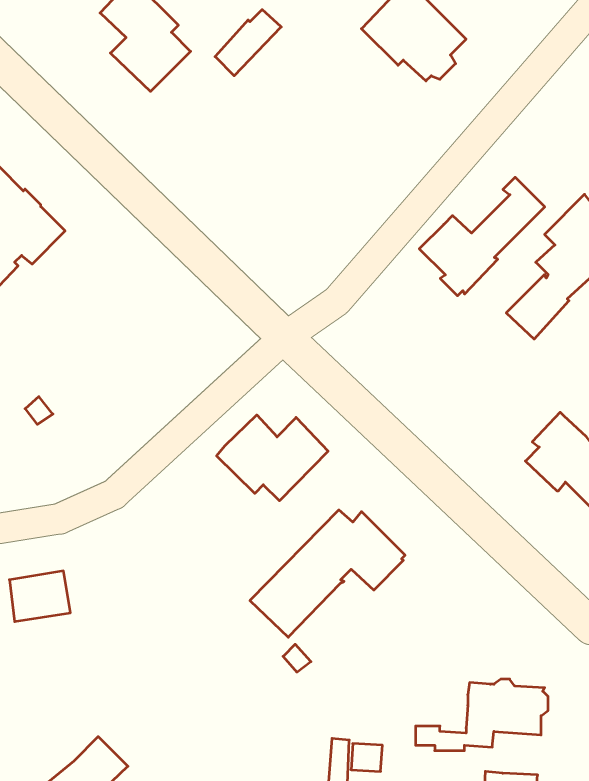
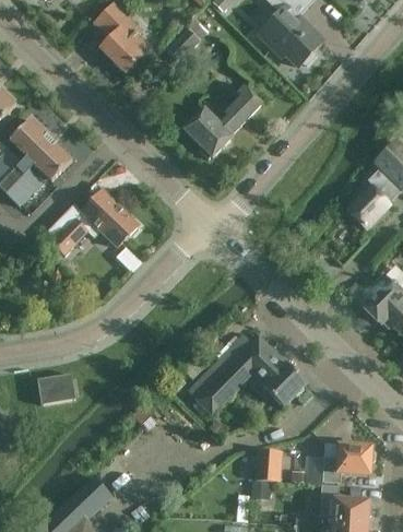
building: [419,177,545,296] -> [183,83,262,157]
building: none -> [44,188,139,253]
building: [217,415,328,501] -> none
building: none -> [245,360,307,404]
building: none -> [256,448,282,481]

